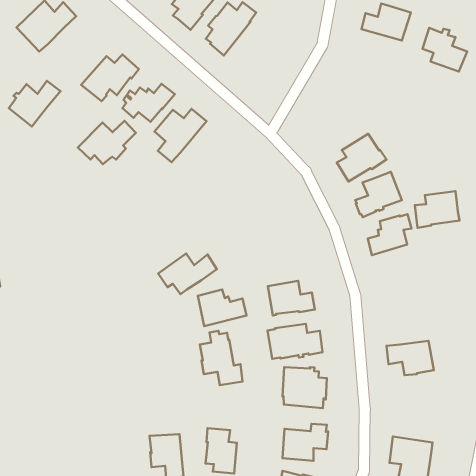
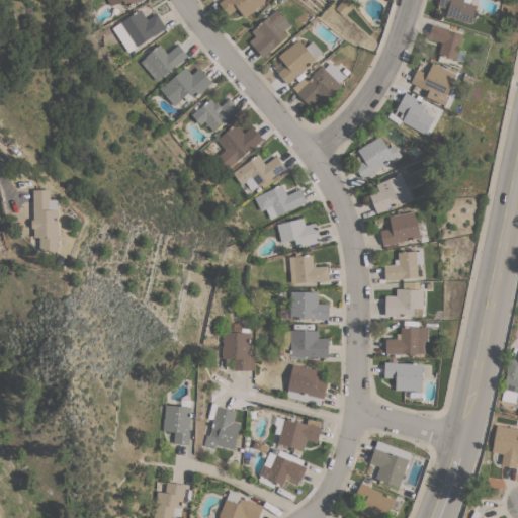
building: none -> [293,63,346,106]
building: [422,28,467,72] -> [397,93,435,136]
building: [9,81,60,126] -> [141,45,188,82]
building: none -> [355,137,402,180]
building: [78,121,136,164] -> [233,155,285,191]
building: [415,191,459,228] -> [385,289,424,317]
building: none -> [277,219,321,247]
building: [158,254,217,294] -> [255,185,307,220]
building: [198,289,246,326] -> [290,255,330,284]
building: none -> [386,327,429,356]

